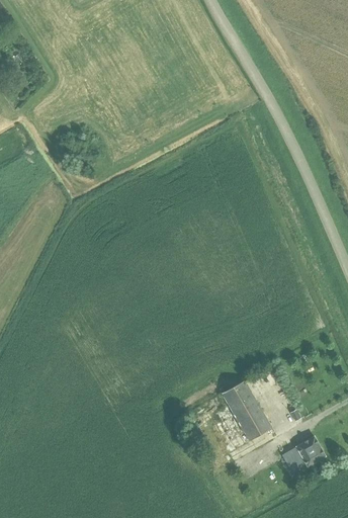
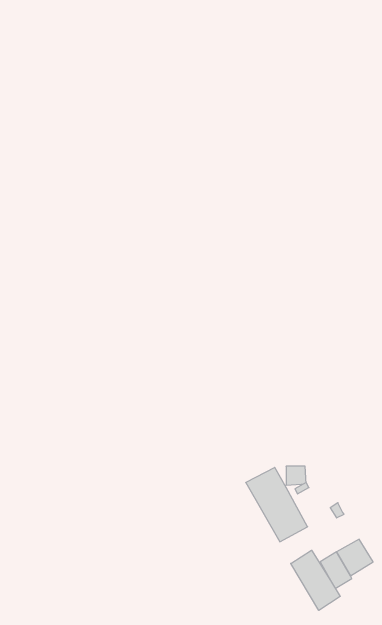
building: none -> [291,550,340,610]

